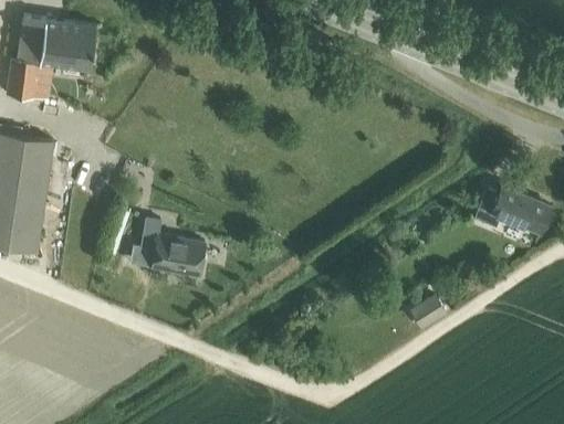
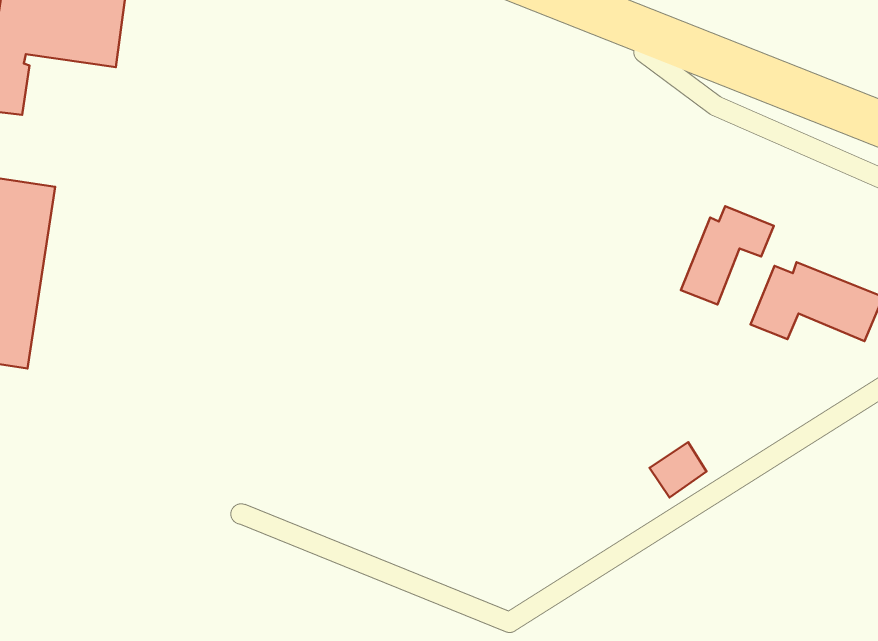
building: none -> [681,206,774,305]
building: [140,219,205,277] -> none

